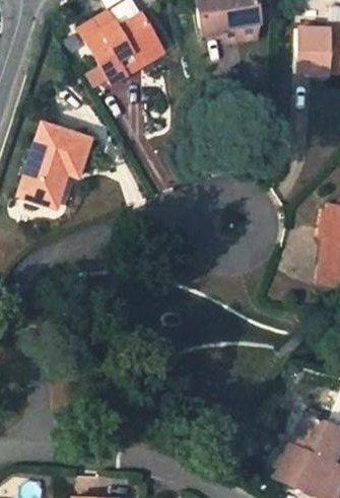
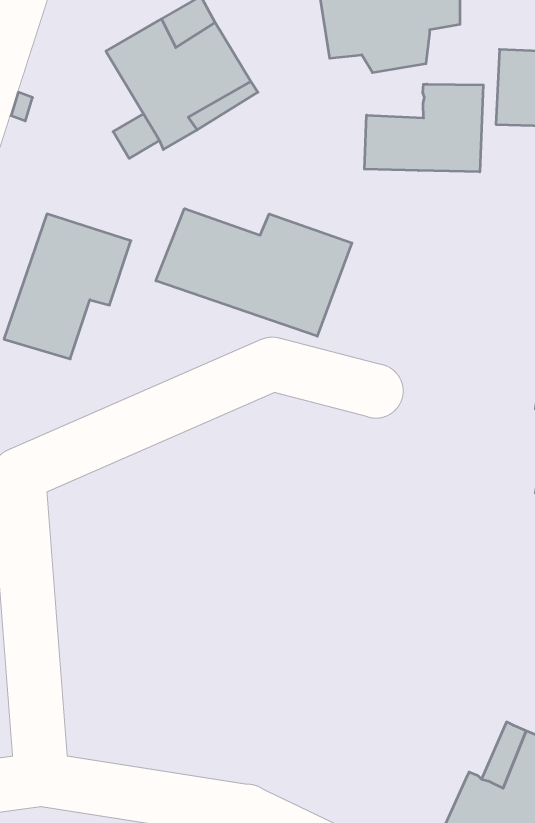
building: none -> [364,84,483,172]
building: none -> [156,209,352,336]

